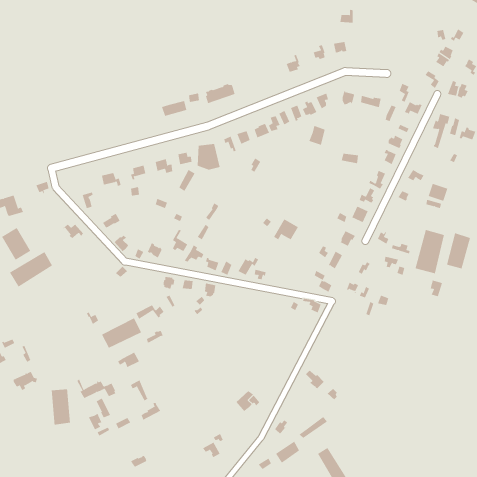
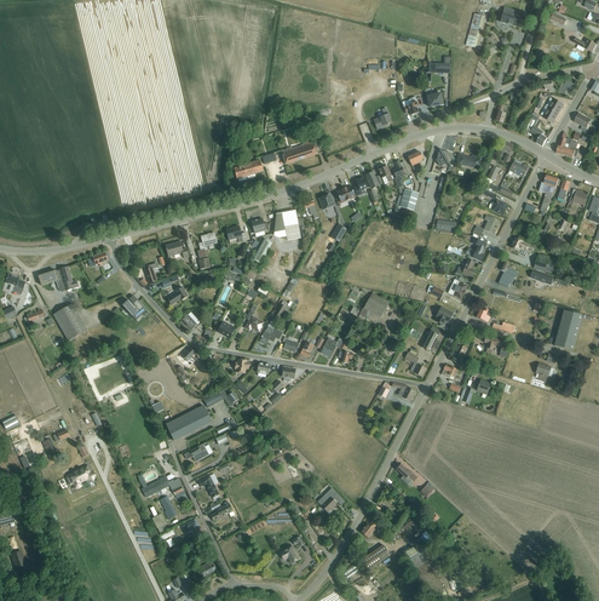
building: [415,229,445,274] -> none
building: [9,251,53,287] -> none
building: [51,388,71,426] -> none

